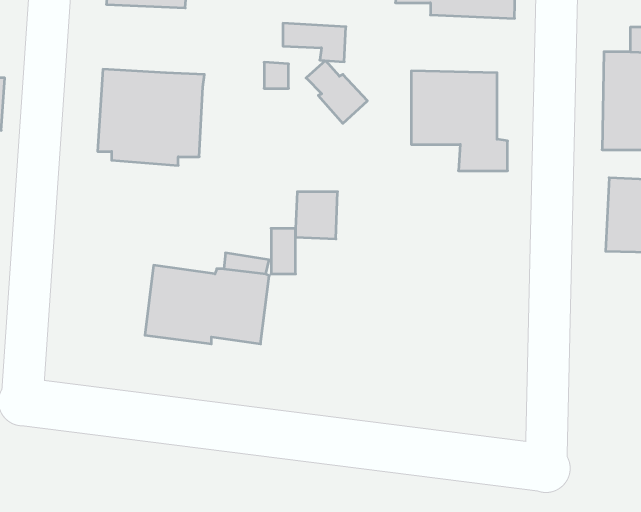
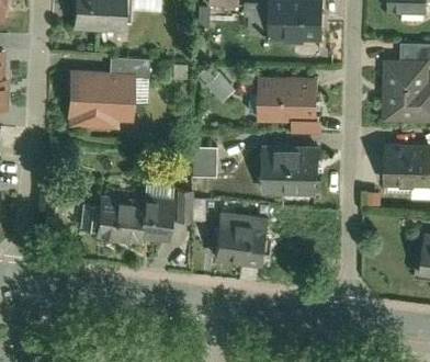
building: [283,23,346,62] -> [109,60,148,84]
building: none -> [265,146,326,193]
building: none -> [219,211,274,265]

